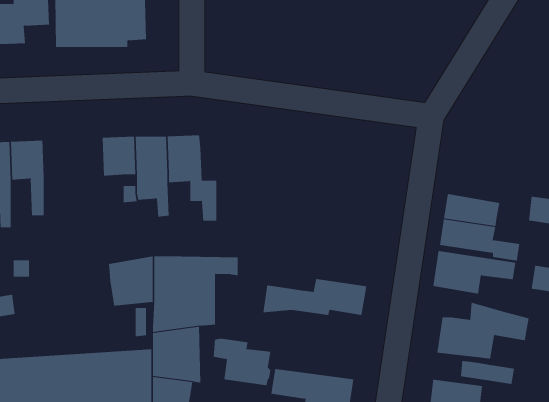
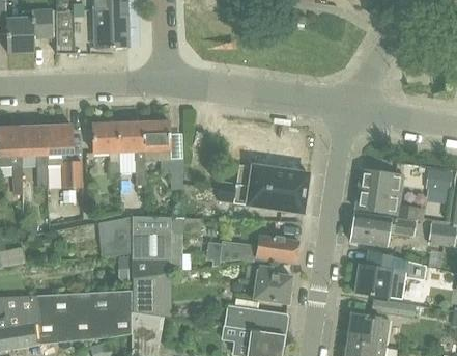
building: none -> [47,126,82,188]
building: none -> [218,166,309,213]
building: [213,338,271,386] -> [246,266,291,303]

